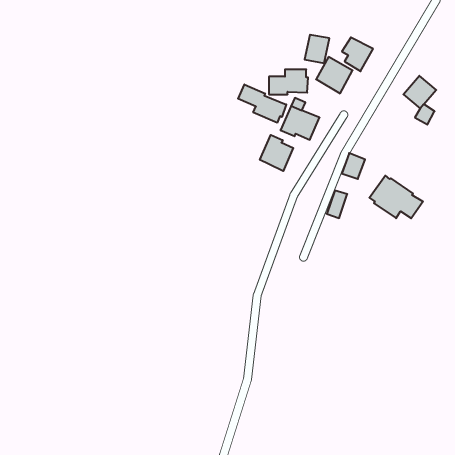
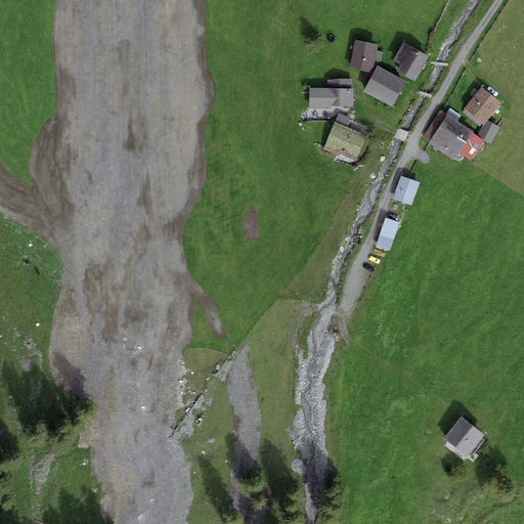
building: [238,84,286,123] -> none
building: [260,135,293,171] -> none
building: [369,176,423,218] -> [423,112,484,161]
building: none -> [443,416,484,457]

